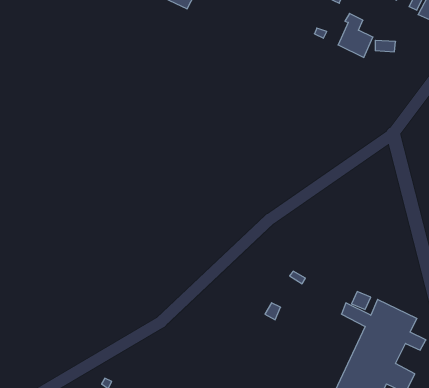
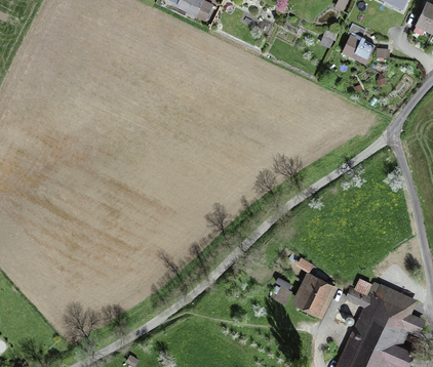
building: none -> [298,275,330,311]

